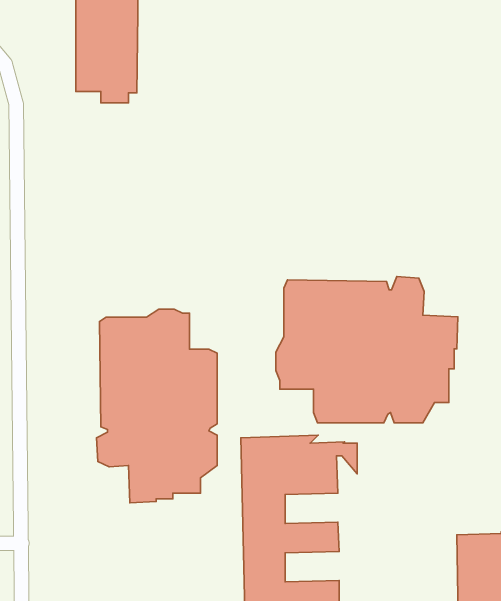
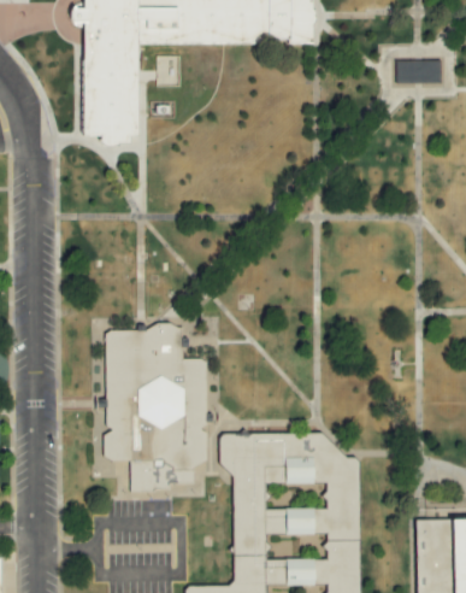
building: none -> [396,60,441,83]
building: [276,276,458,423] -> none

